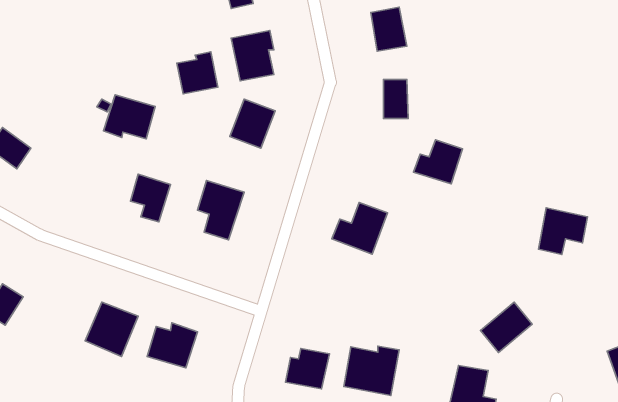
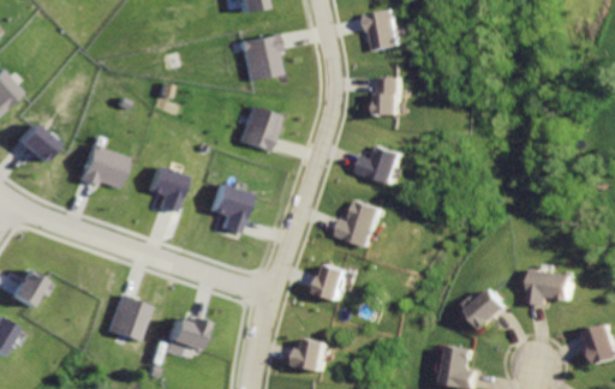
building: [177,52,218,94] -> none
building: [104,95,155,139] -> [70,149,118,190]
building: [414,140,463,184] -> [348,137,394,178]
building: [538,208,588,254] -> [526,269,572,312]
building: none -> [301,256,345,299]
building: [344,346,399,396] -> none

